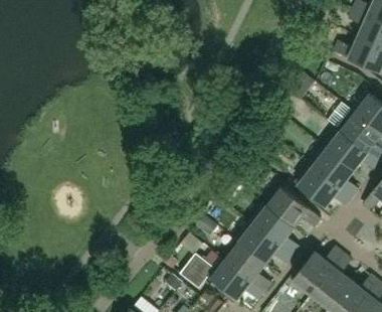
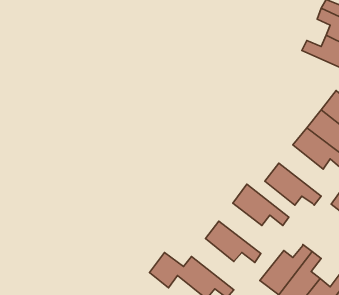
building: [311,146,360,197] -> none
building: [250,204,300,255] -> none
building: [223,240,271,291] -> none

